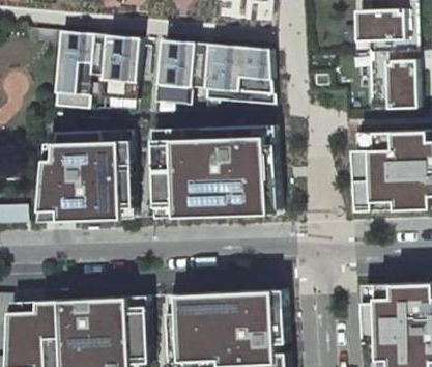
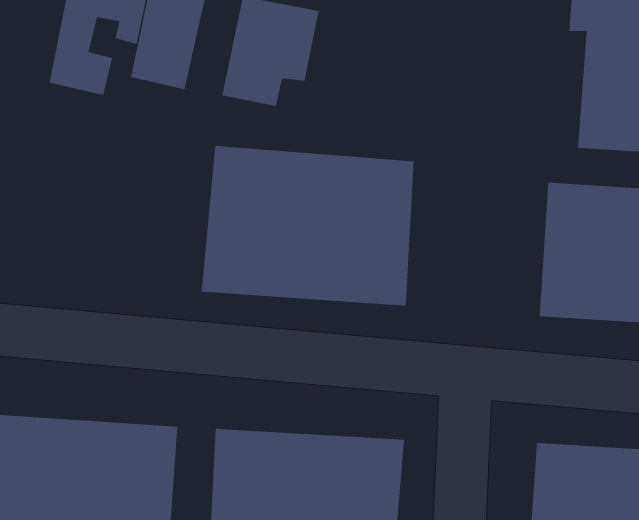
building: [203,45,272,105] -> none
building: [40,132,134,219] -> none

